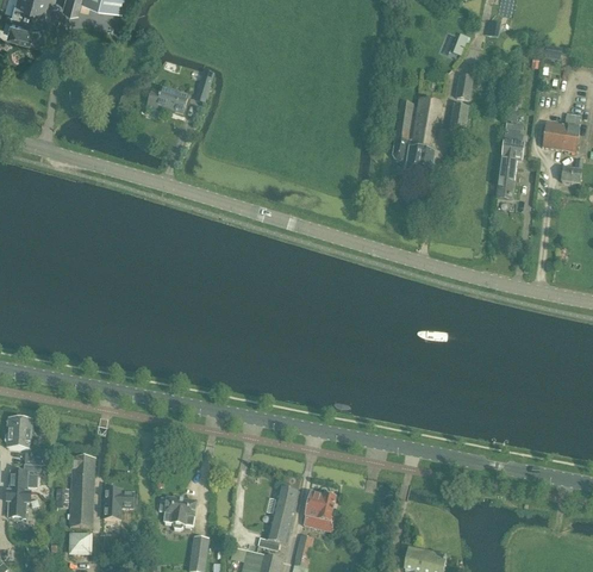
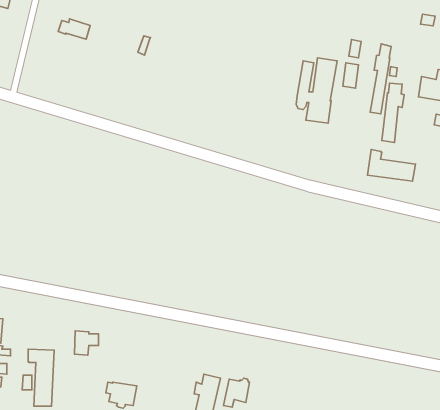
building: none -> [370,44,391,114]
building: [148,88,187,113] -> [58,19,90,39]
building: none -> [367,149,416,181]
building: [104,486,133,516] -> [74,331,99,355]

